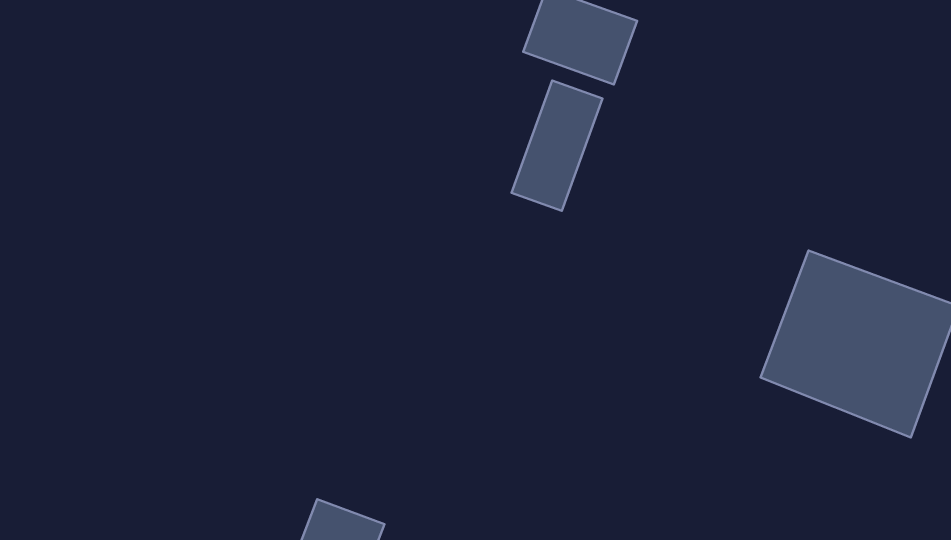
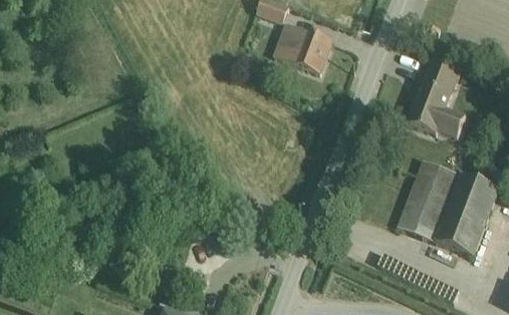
building: none -> [407,58,467,138]
building: [511,80,602,211] -> none

